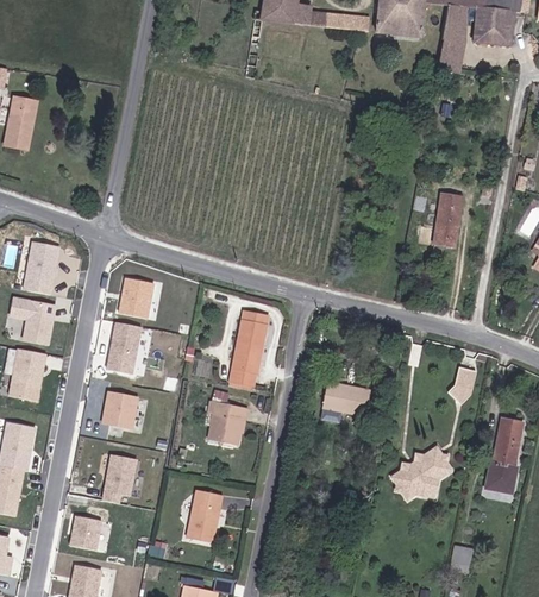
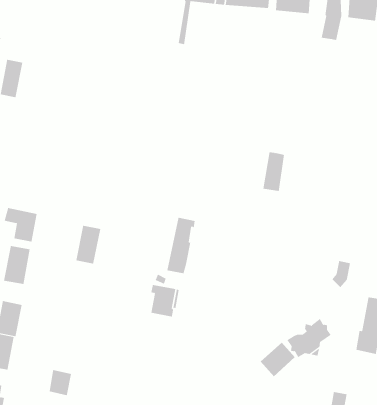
building: [432,193,462,246] -> [263,152,285,192]
building: [25,243,58,295] -> none
building: [115,276,152,319] -> none
building: [321,379,370,415] -> none
building: [102,391,127,426] -> none
building: [102,454,136,503] -> none
building: none -> [260,342,296,377]
building: [186,491,221,542] -> none

